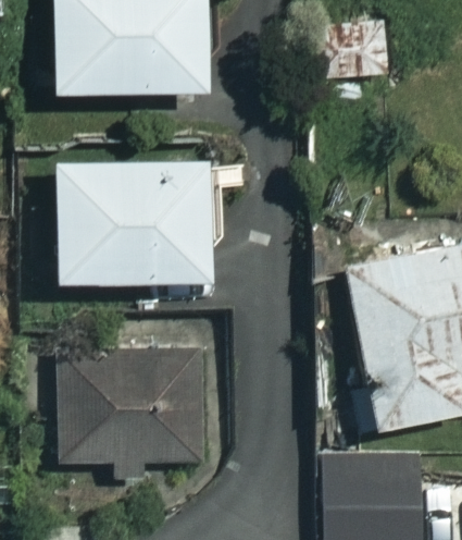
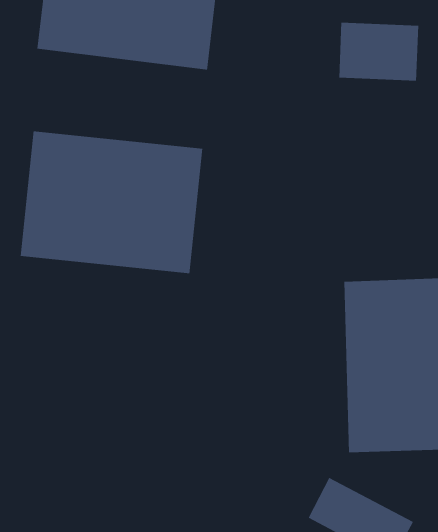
building: [61,356,202,480] -> none

